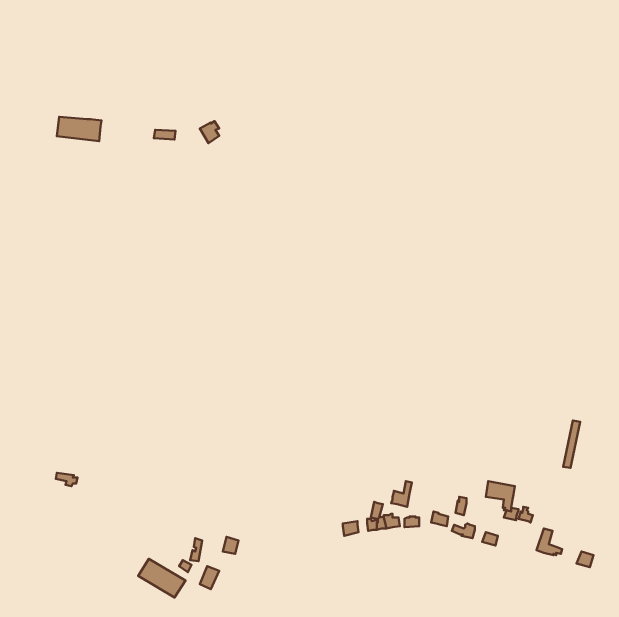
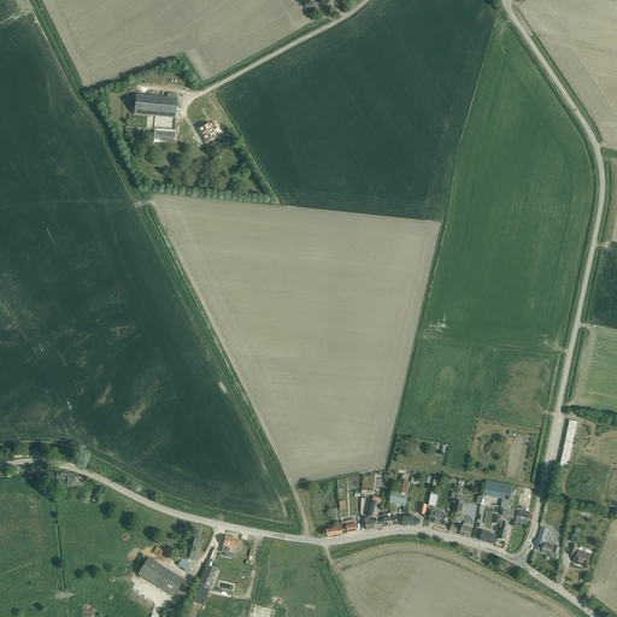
building: [57,117,102,141] -> [134,93,178,117]

